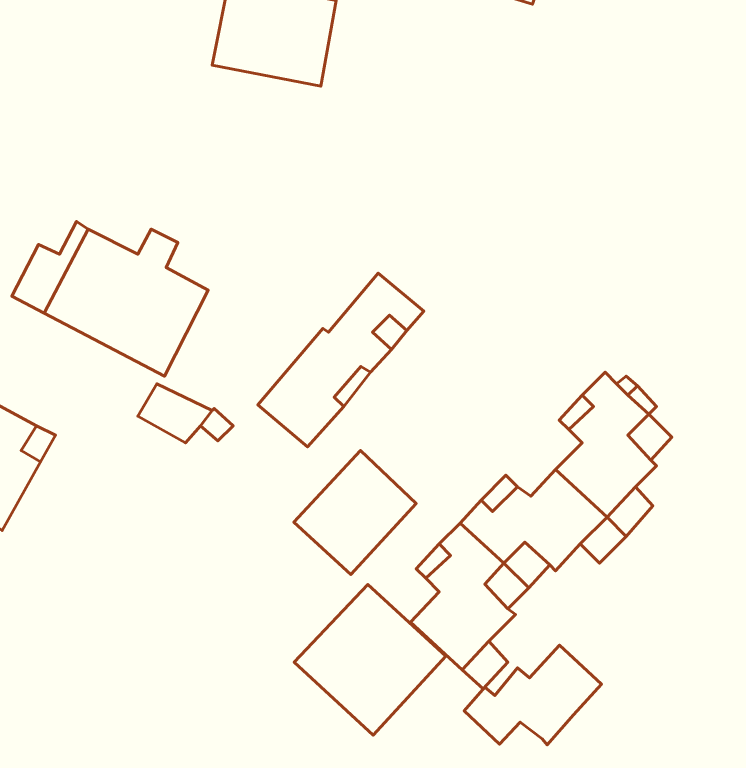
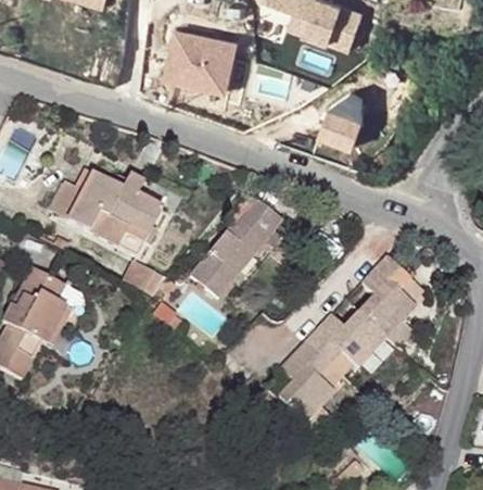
building: none -> [316,88,360,145]
building: [294,450,416,574] -> none
building: [294,585,446,735] -> none
building: [464,645,602,745] -> none

